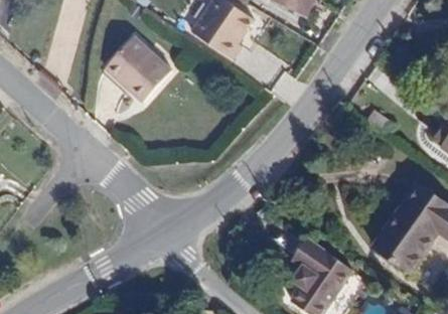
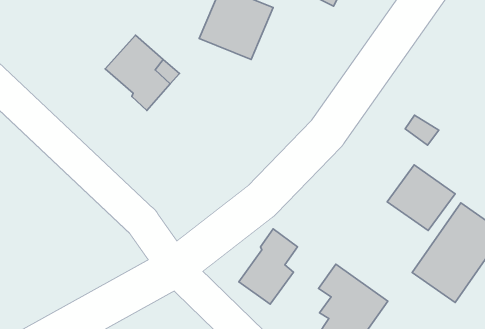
building: none -> [387,165,455,231]
building: none -> [239,229,297,304]

